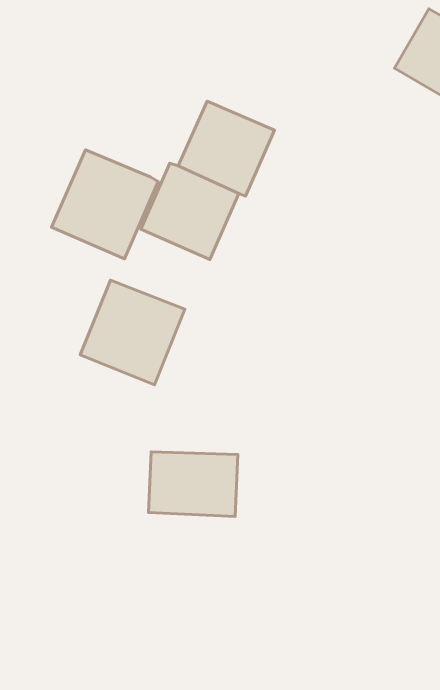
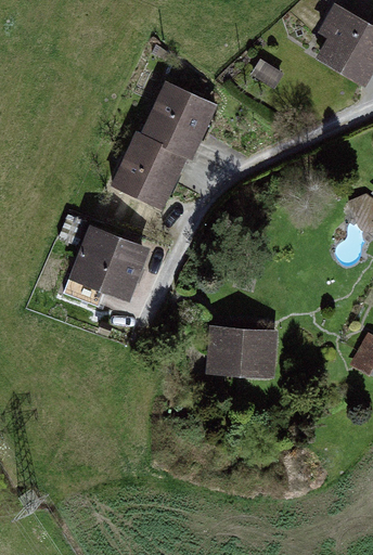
building: [52,150,158,259] -> none
building: [148,452,238,517] -> [205,328,275,379]

